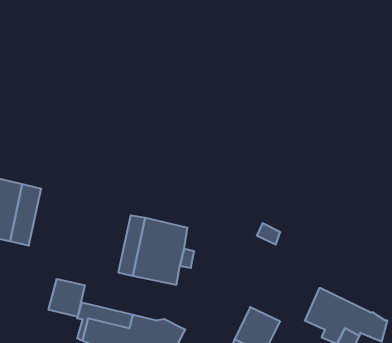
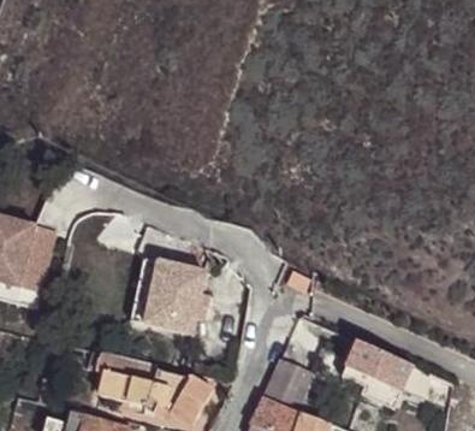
building: [49,279,85,317] -> none

